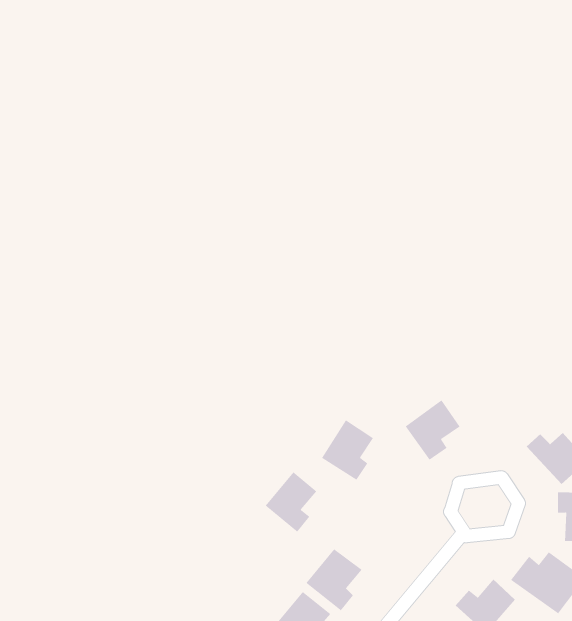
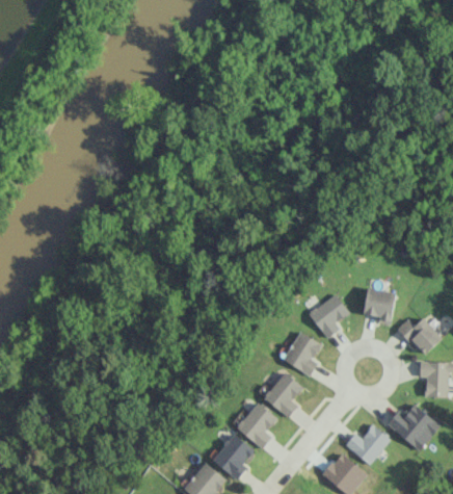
building: none -> [363,287,396,324]
building: [321,420,374,481] -> [283,331,321,375]
building: [265,472,317,533] -> [264,372,302,417]

